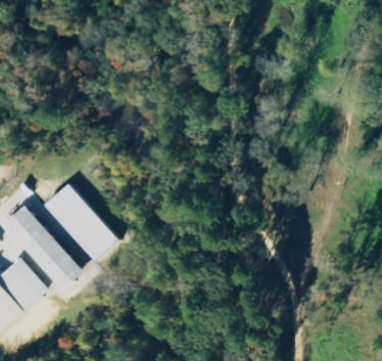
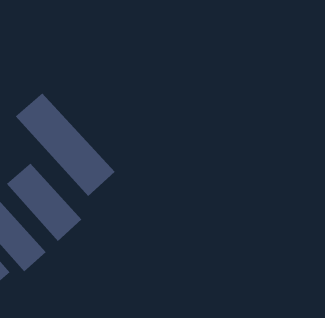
building: none -> [15,92,116,197]

